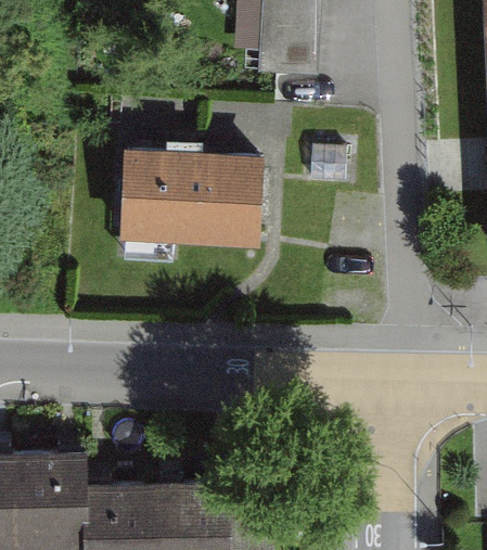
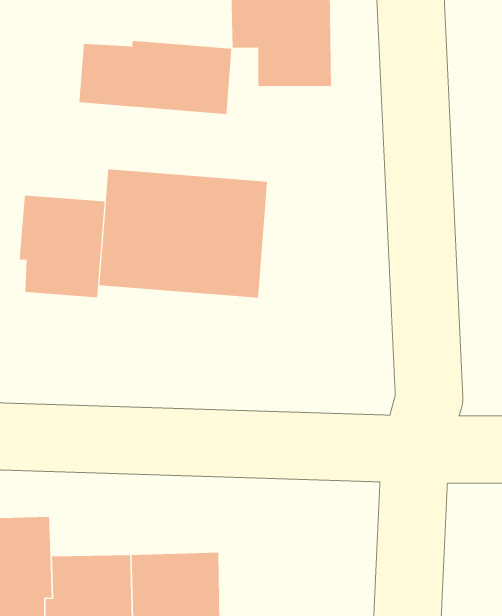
building: none -> [79,40,232,115]
building: none -> [19,195,105,298]

